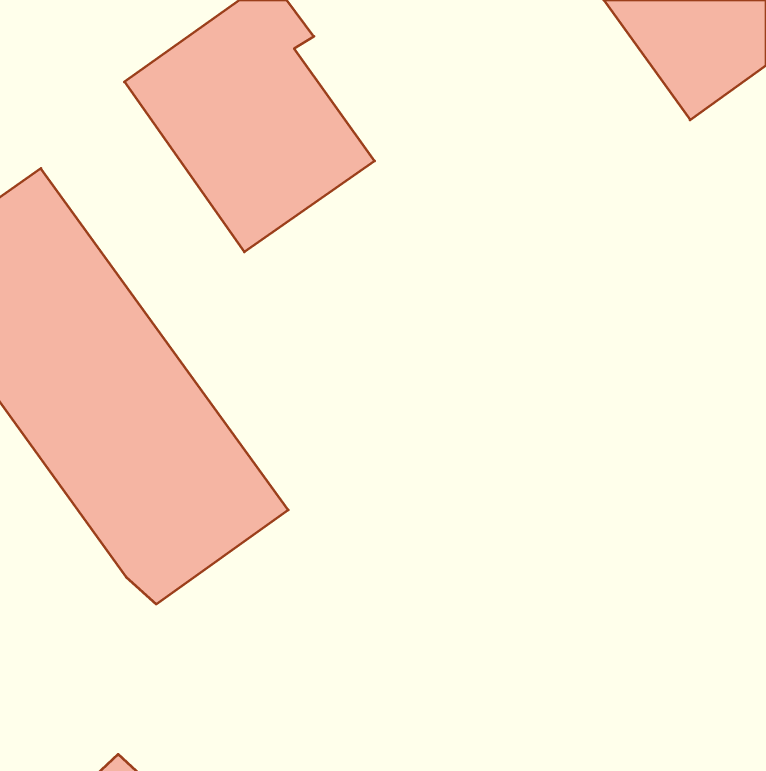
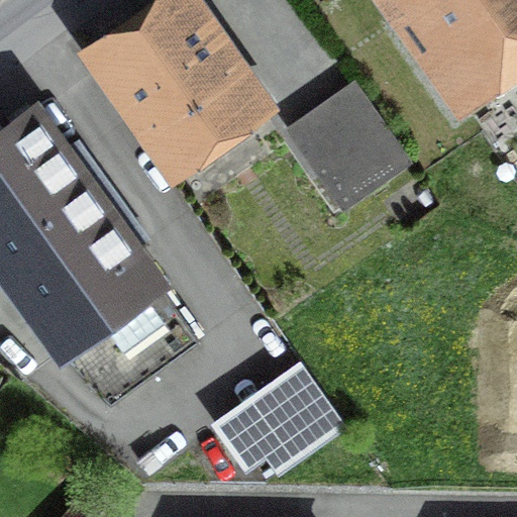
building: none -> [284,89,398,207]
building: none -> [215,372,335,470]

